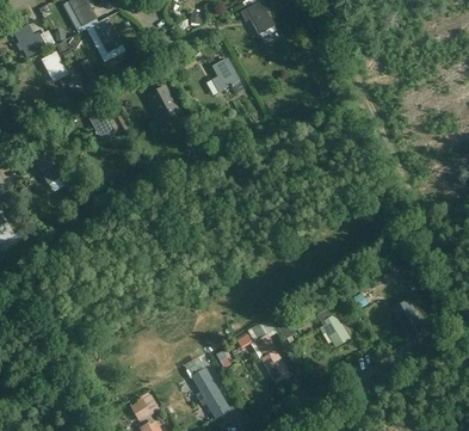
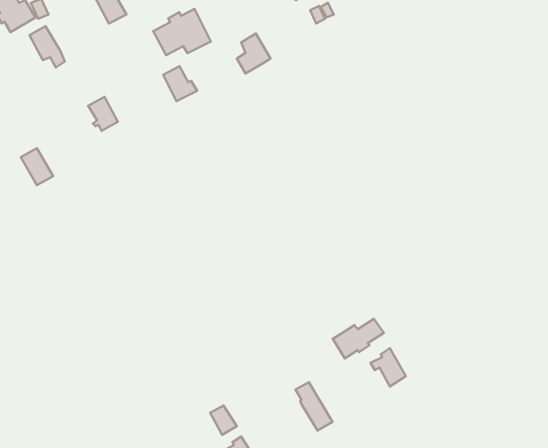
building: none -> [153,9,211,55]
building: none -> [333,319,384,358]
building: [393,298,424,334] -> none

